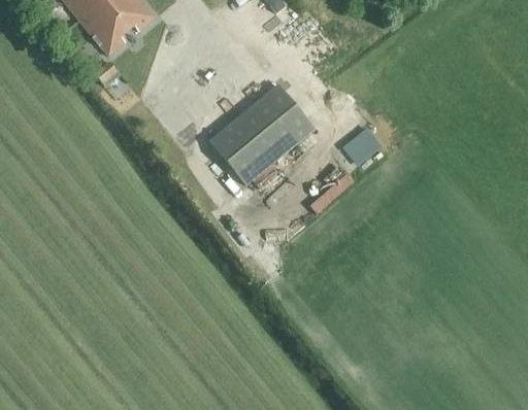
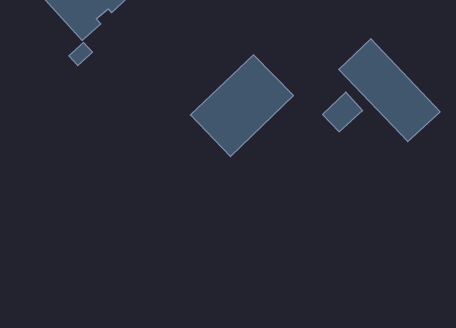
building: none -> [339,39,440,142]

